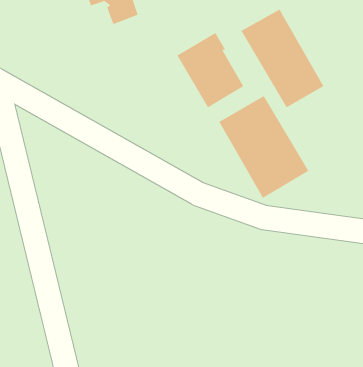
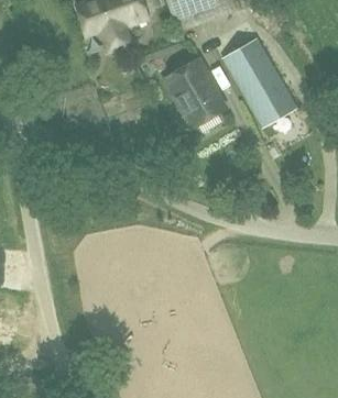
building: [219,95,309,199] -> none

